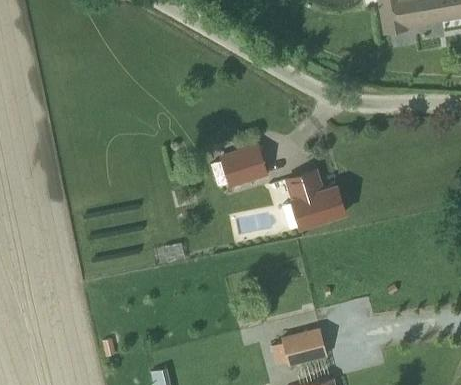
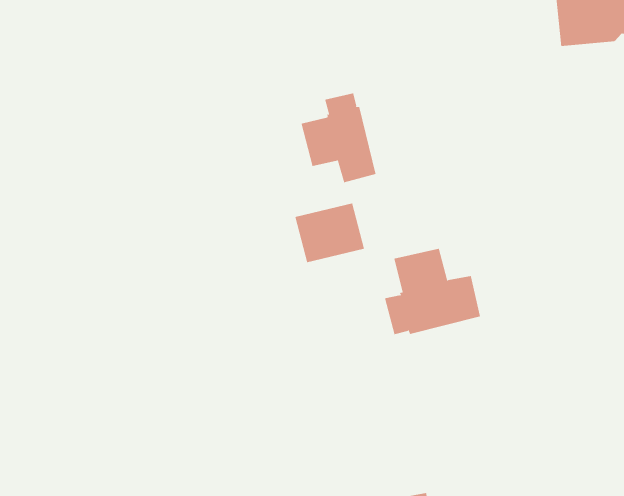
building: none -> [301,93,376,183]

